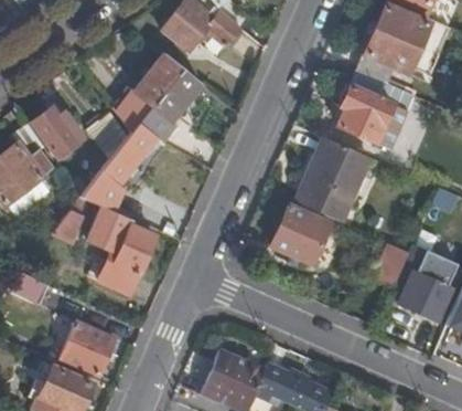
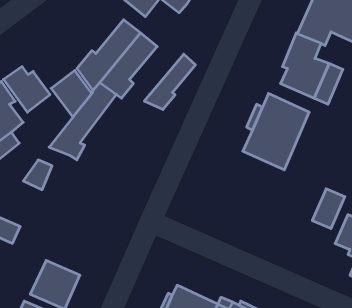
building: none -> [144,54,195,110]
building: [87,205,153,295] -> none
building: [270,205,330,264] -> none

